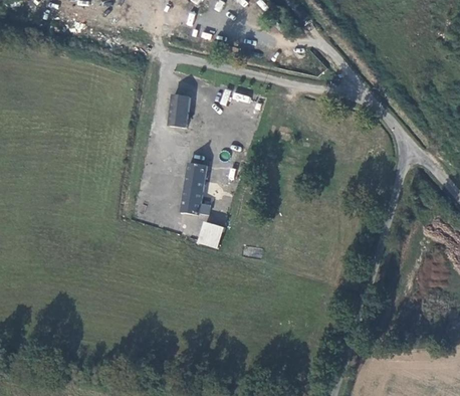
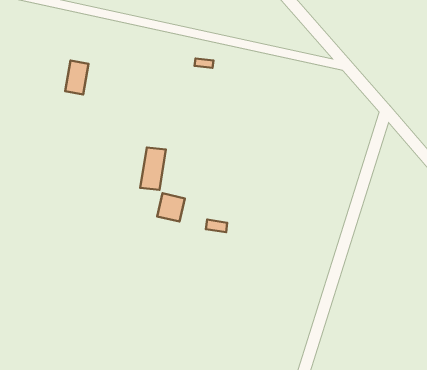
building: [169,97,191,130] -> [65,61,89,94]

